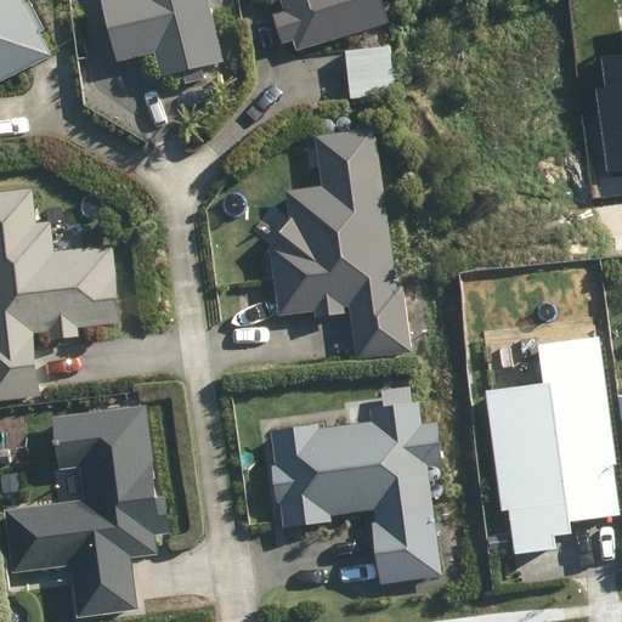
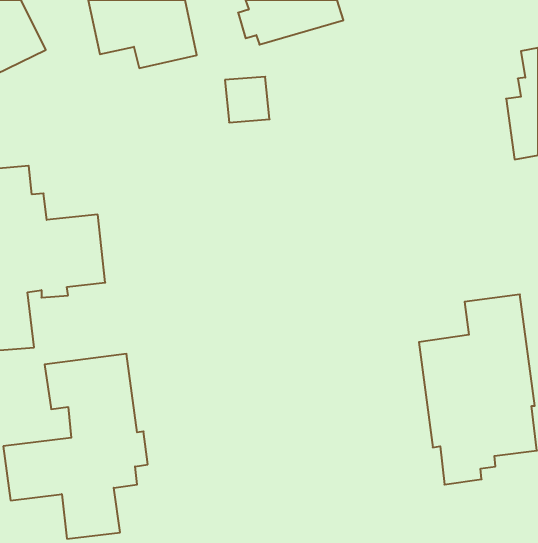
building: [345,46,396,98] -> [225,77,270,122]
building: [267,128,411,356] -> none
building: [271,397,442,581] -> none

